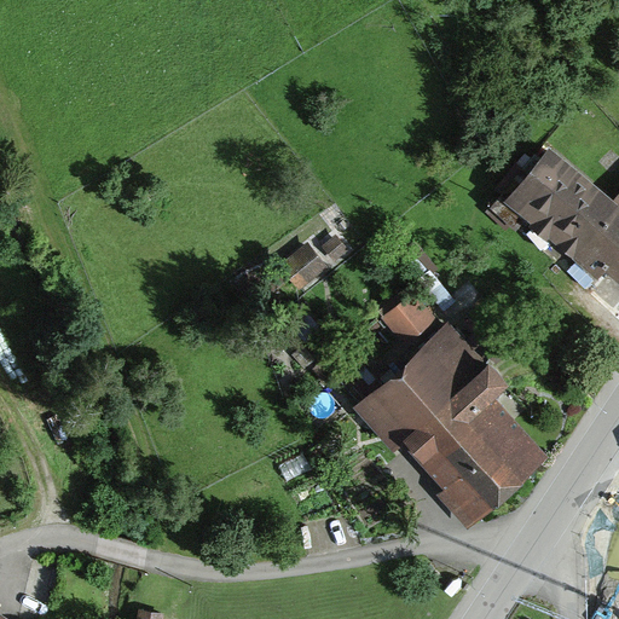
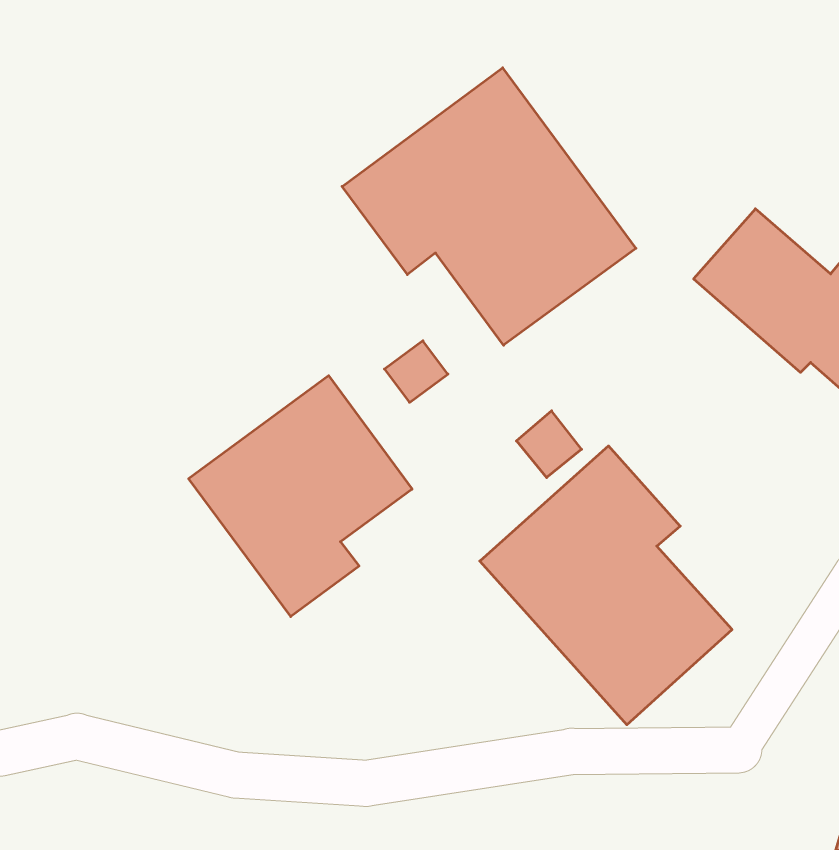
building: none -> [342,68,636,345]
building: none -> [189,376,412,617]

